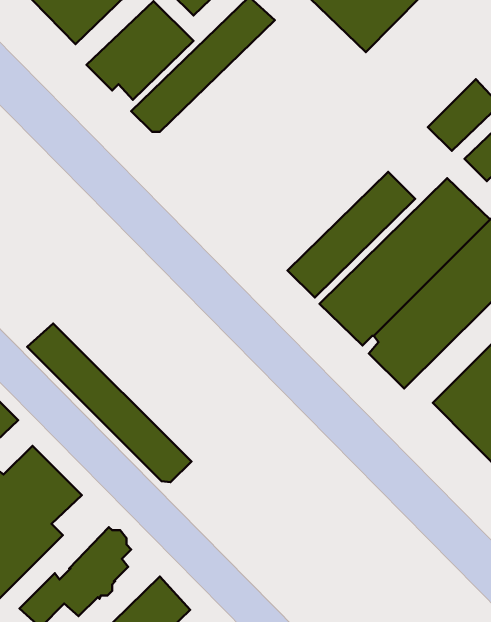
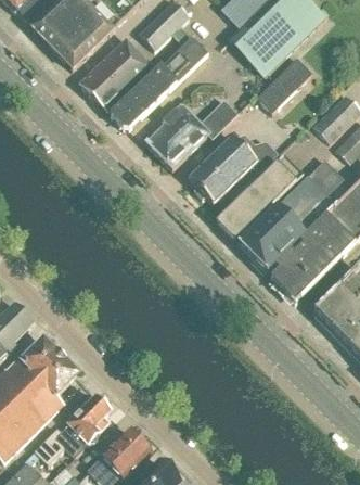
building: none -> [257,55,312,111]
building: none -> [146,98,239,167]
building: none -> [188,140,250,202]
building: [27,323,191,482] -> none

